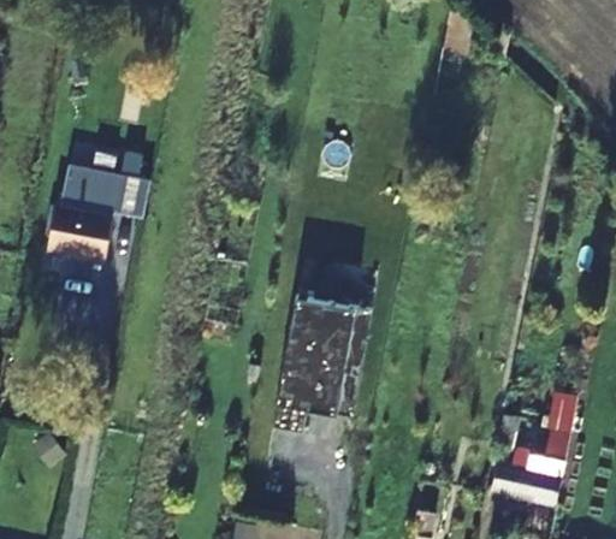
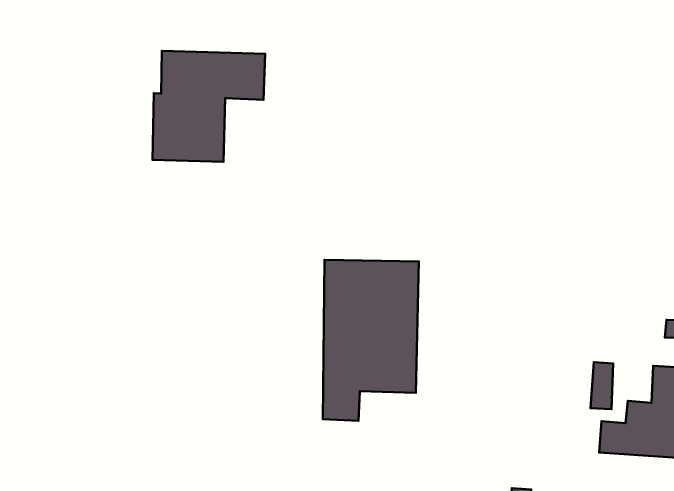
building: [45,161,150,260] -> [152,51,265,162]

